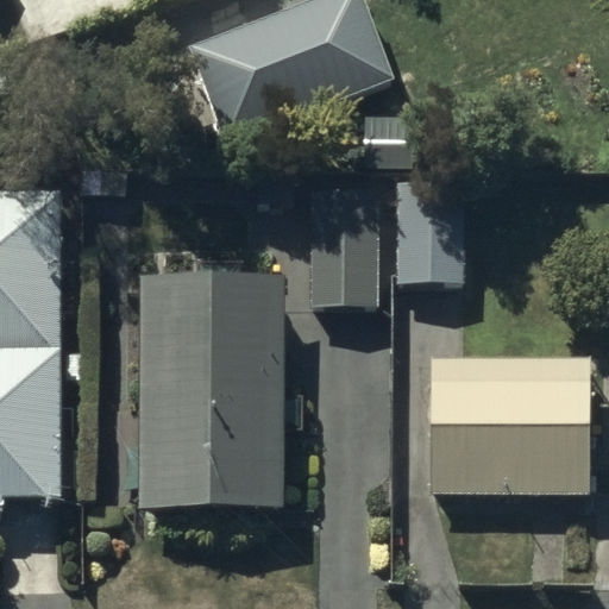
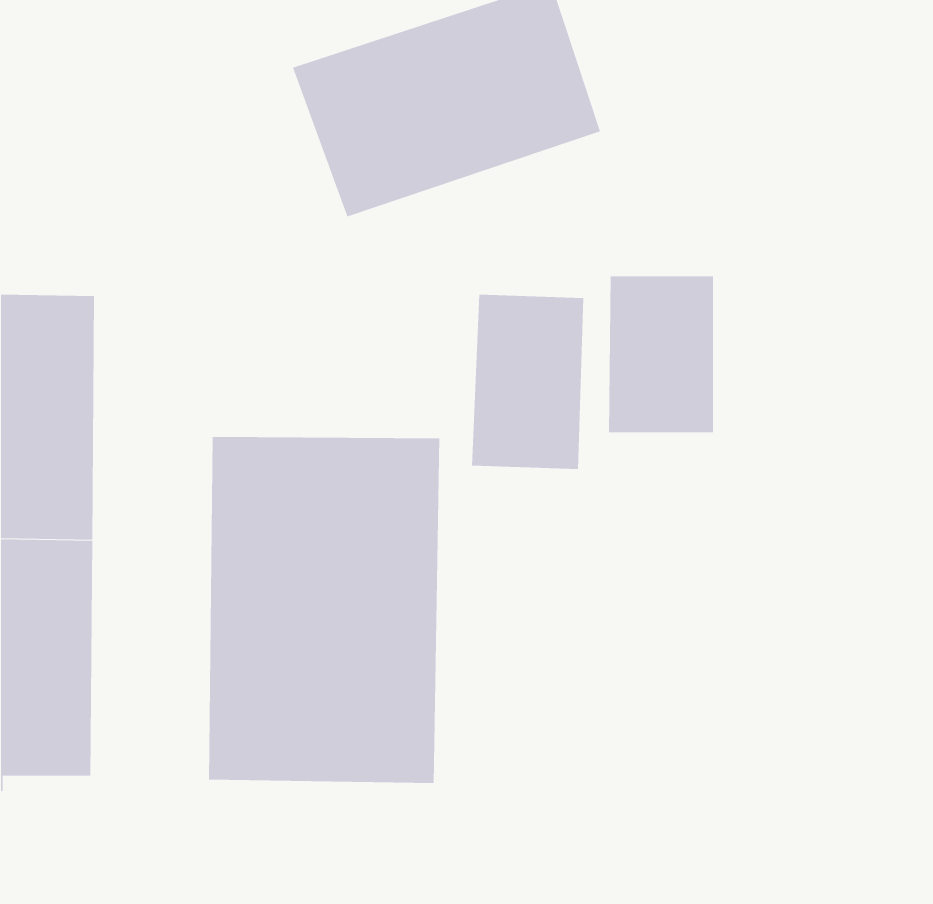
building: [429,351,590,492] -> none

